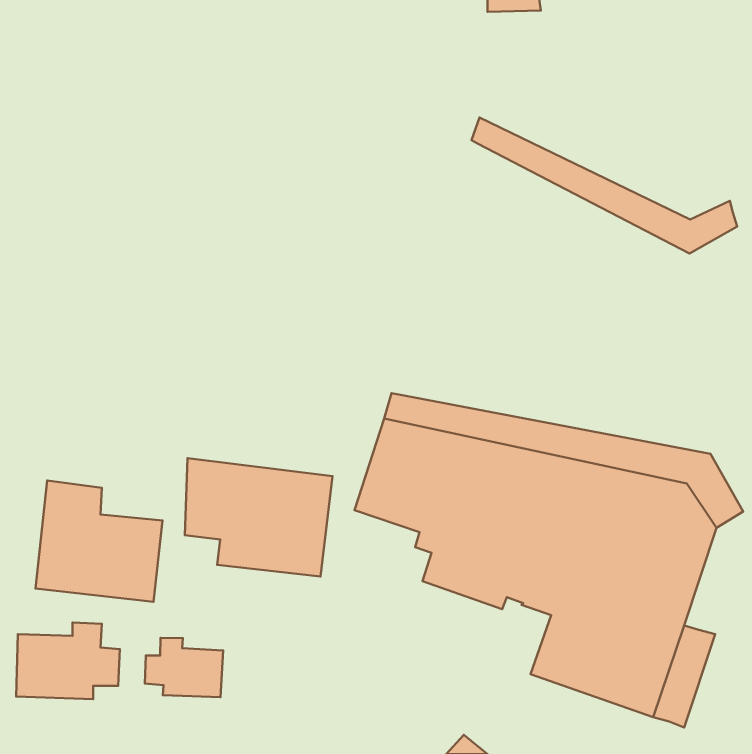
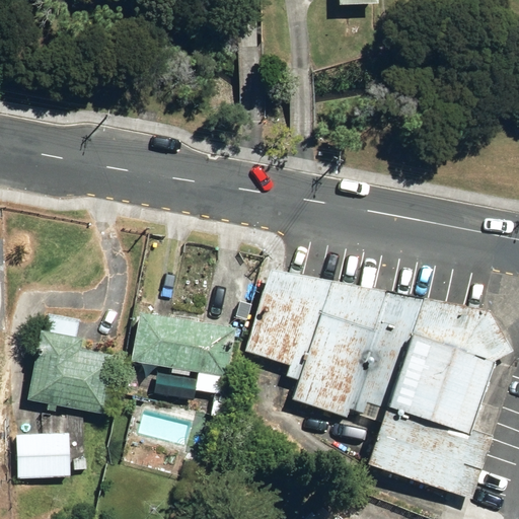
building: [471,117,737,253] -> none
building: [145,638,223,697] -> none

